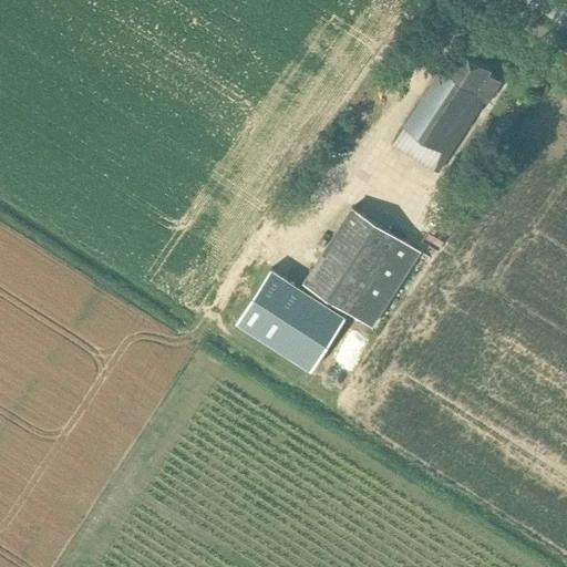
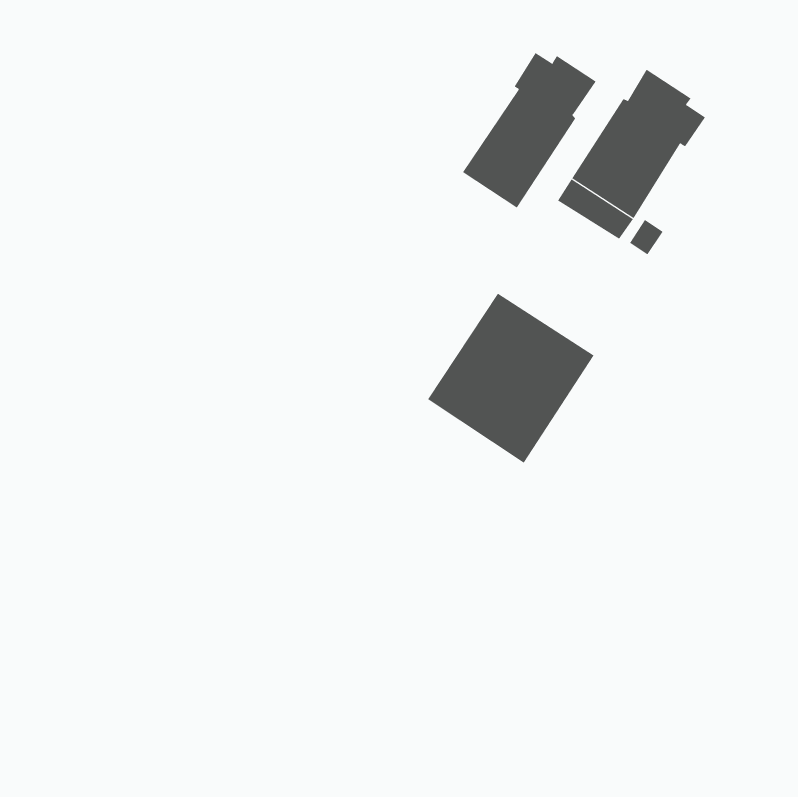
building: none -> [462,52,597,208]
building: [235,270,344,371] -> none

